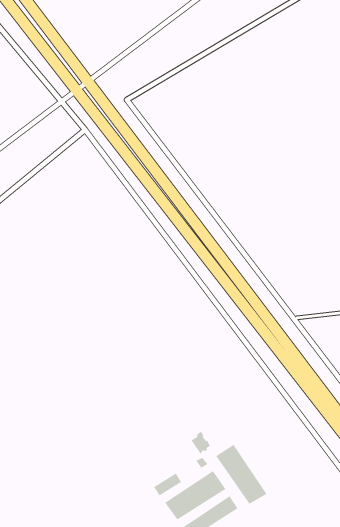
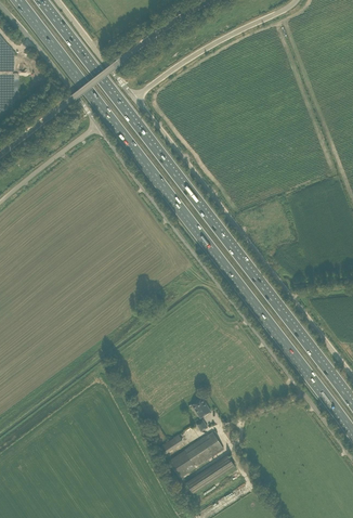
building: [215,444,267,505] -> none

